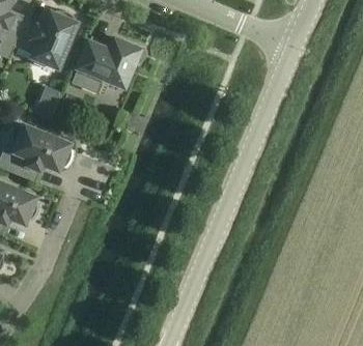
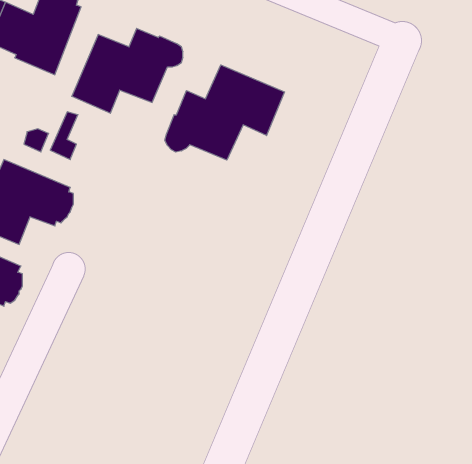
building: none -> [165,65,285,160]

